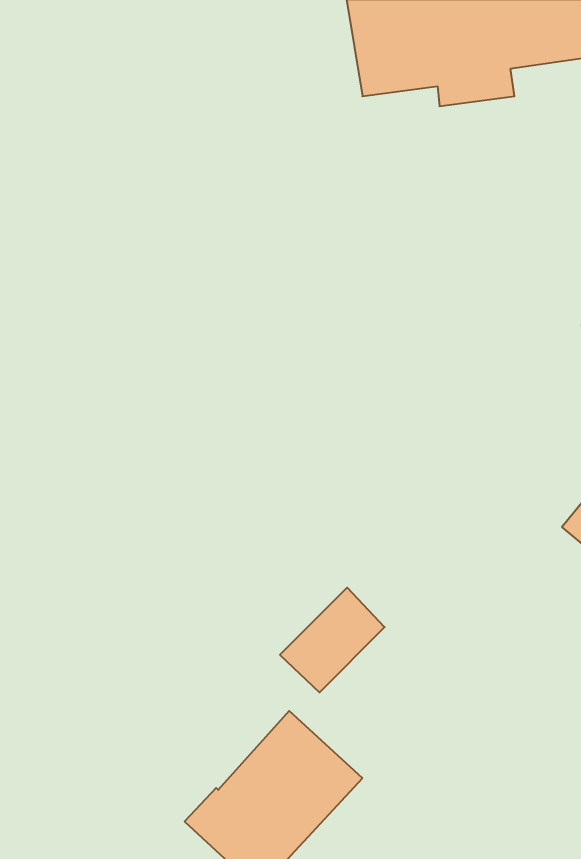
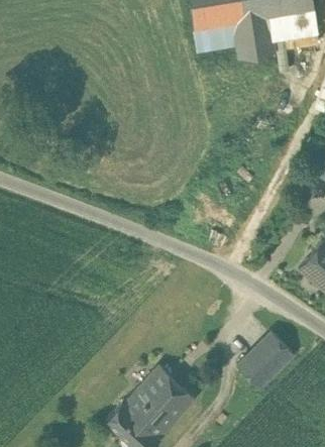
building: [280,588,385,692] -> [238,332,292,385]

